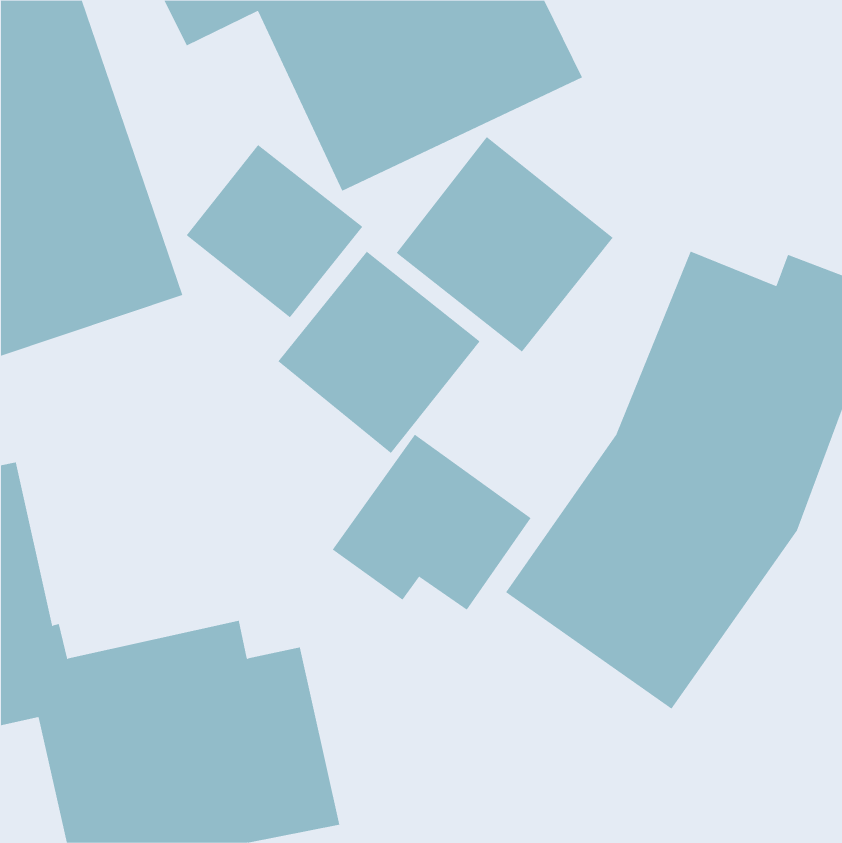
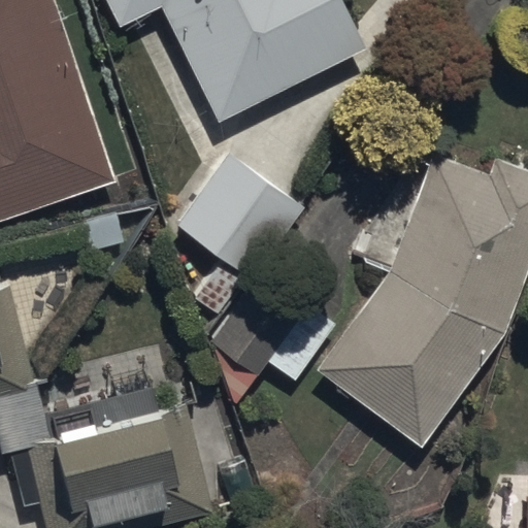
building: [396,136,614,353] -> none
building: [186,144,363,318] -> none

